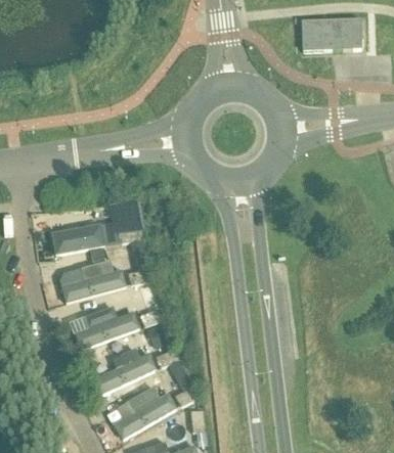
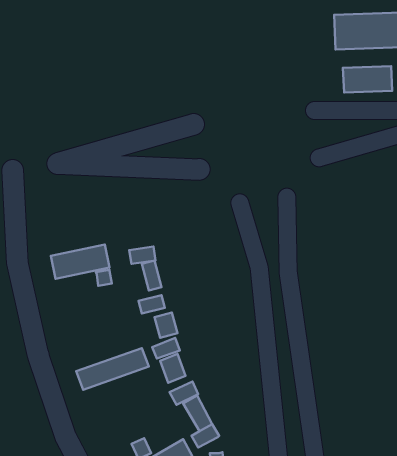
building: none -> [343,66,392,93]
building: [60,268,125,303] -> none
building: [92,353,155,394] -> none

